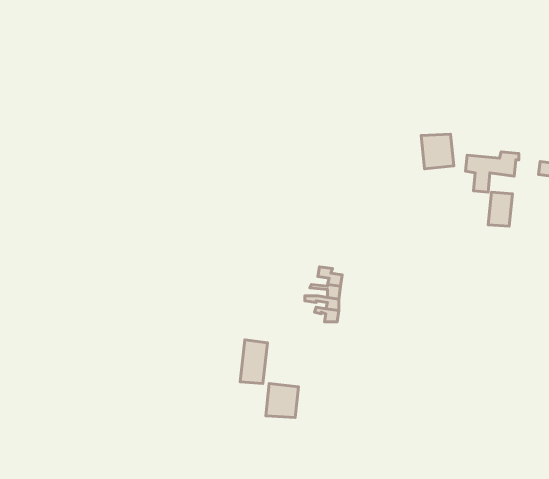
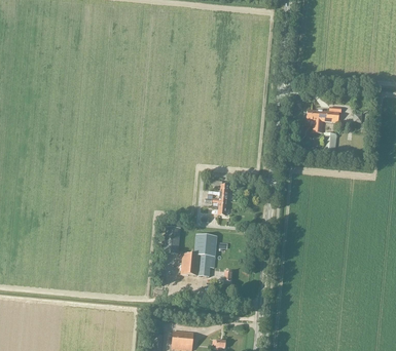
building: [421,134,454,169] -> none
building: none -> [194,234,217,277]

